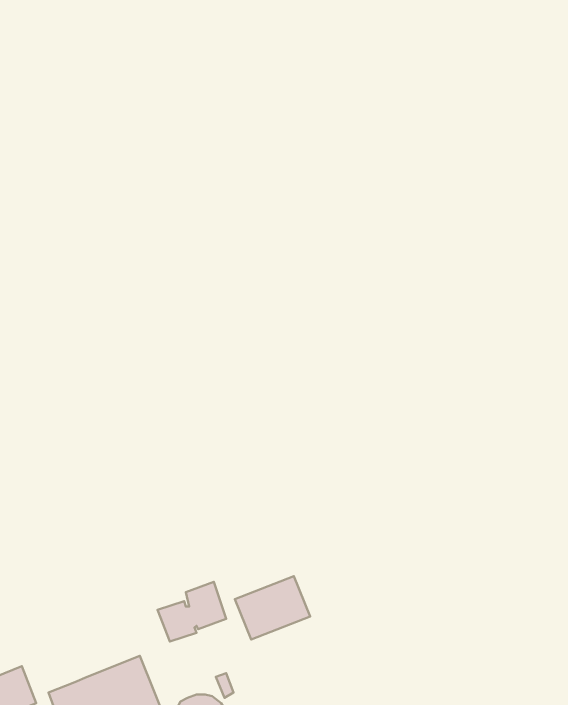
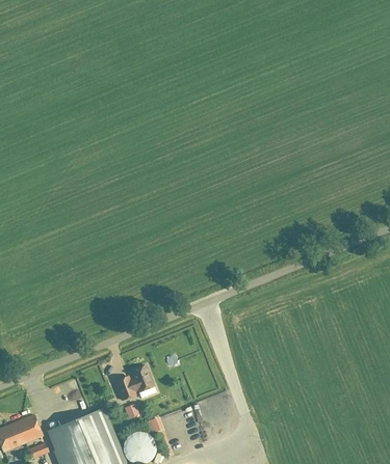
building: [235,576,310,639] -> none

